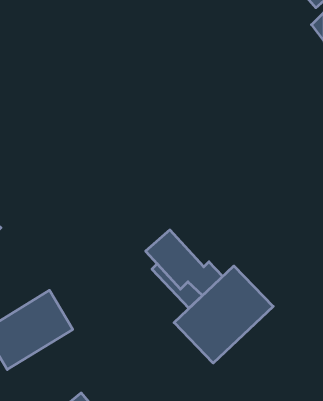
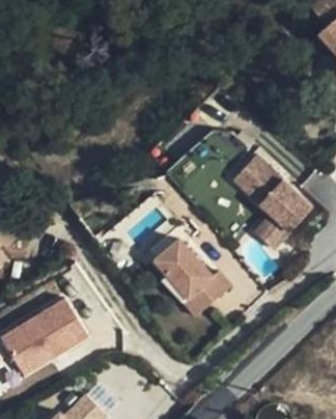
building: none -> [230,153,311,250]
building: [174,266,273,363] -> none

